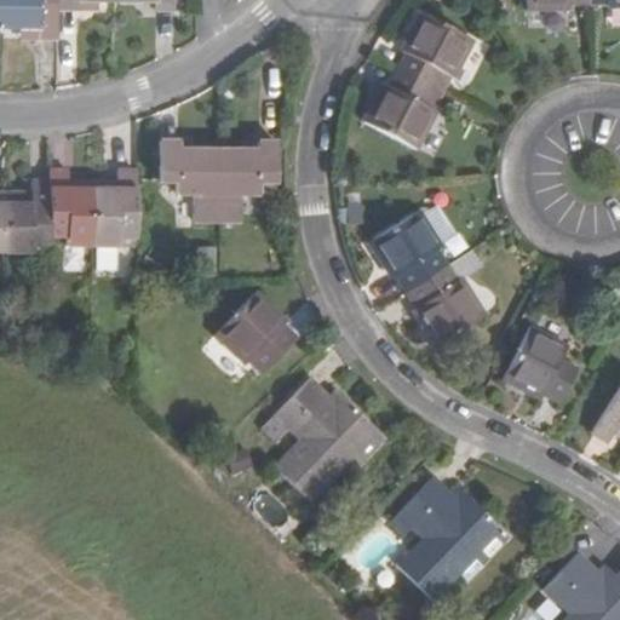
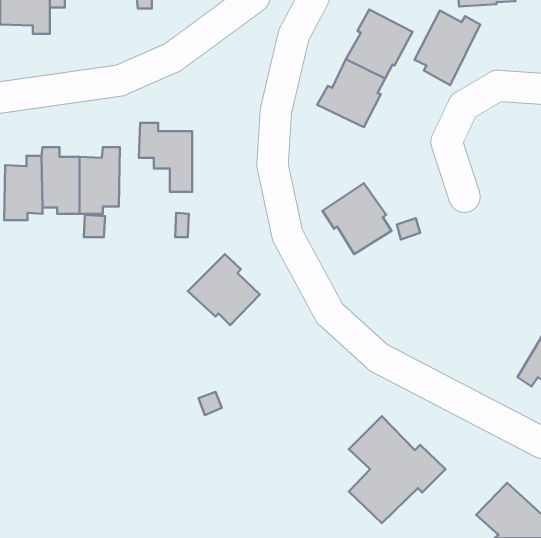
building: none -> [415,11,480,85]
building: [220,142,279,219] -> none
building: [406,264,483,345] -> none
building: [503,325,579,402] -> none
building: [275,377,385,500] -> none

